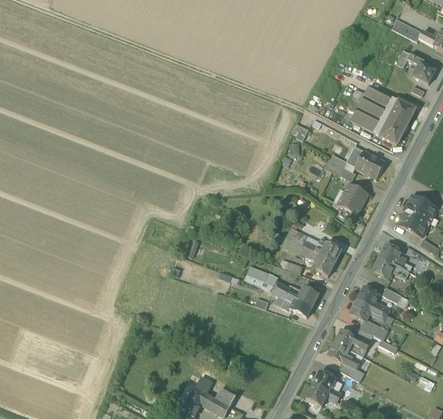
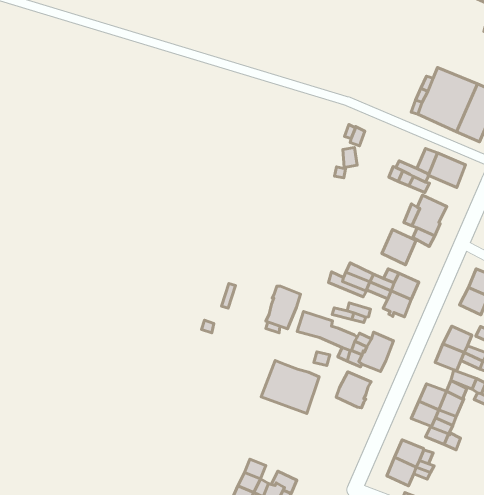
building: none -> [382,229,416,265]
building: none -> [266,286,300,329]
building: none -> [261,361,319,413]
building: none -> [336,372,371,408]

